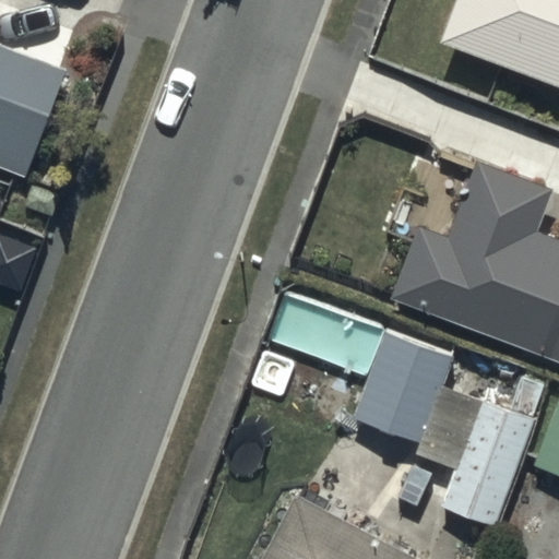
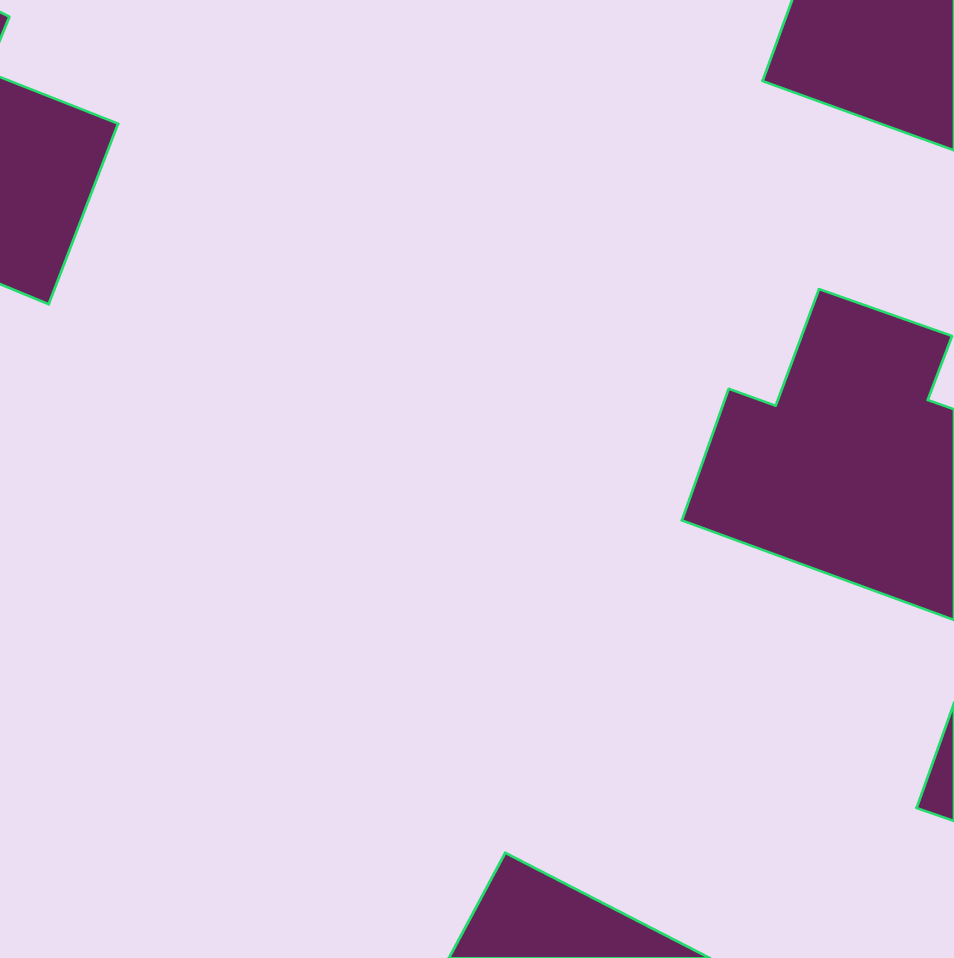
building: [354,332,537,525] -> none

